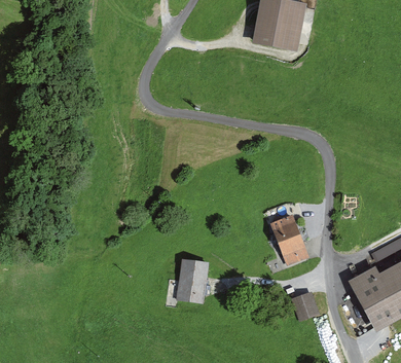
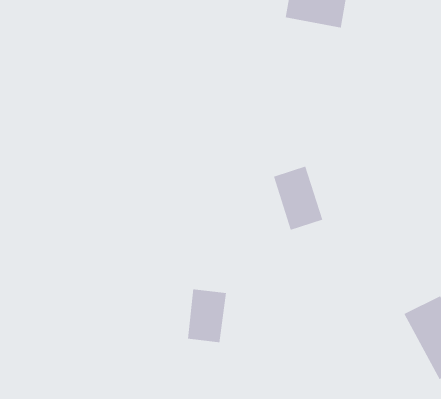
building: [270,216,309,266] -> [273,166,323,230]
building: [292,290,317,317] -> none

